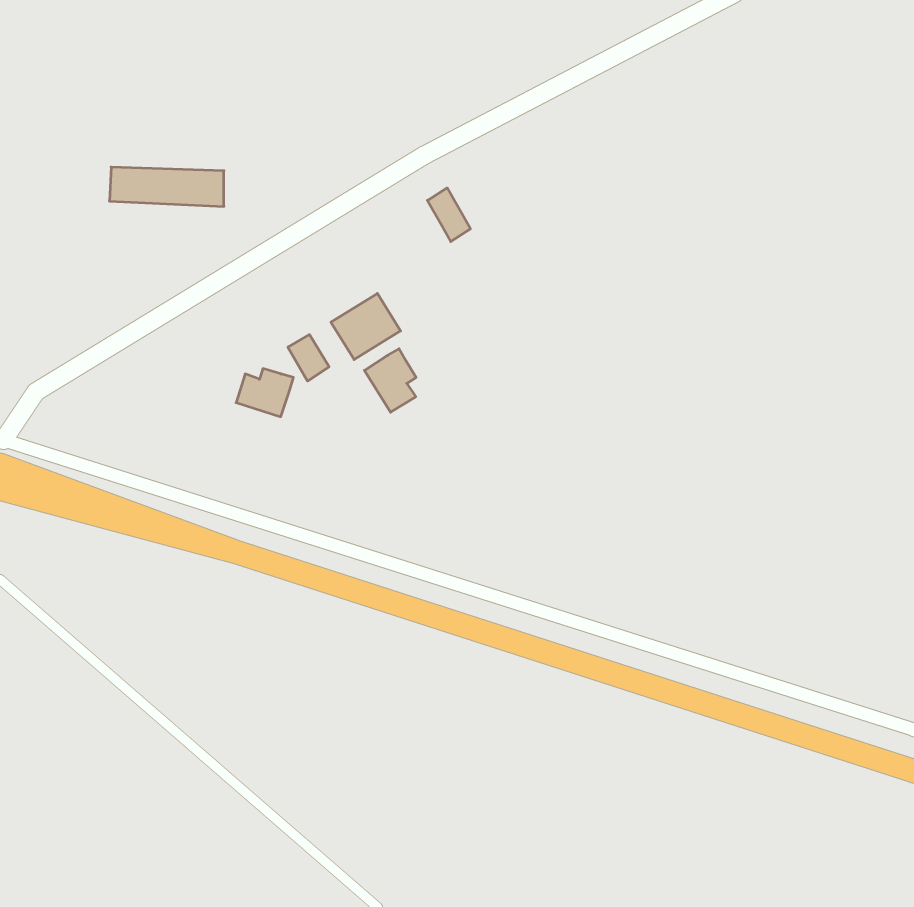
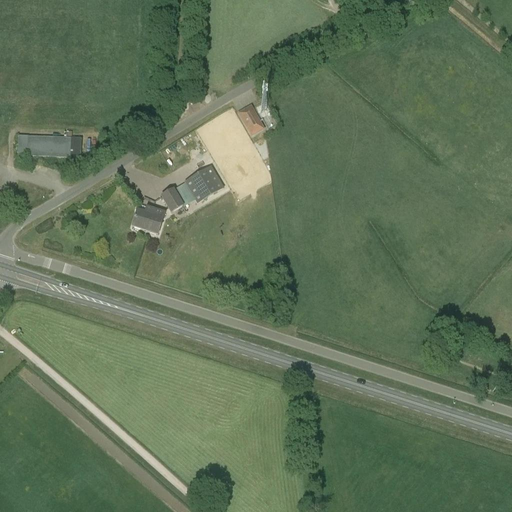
building: [109,167,224,206] -> [17,134,81,156]
building: [364,349,416,412] -> none

